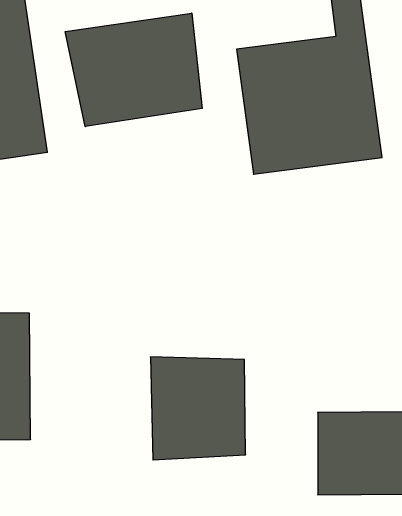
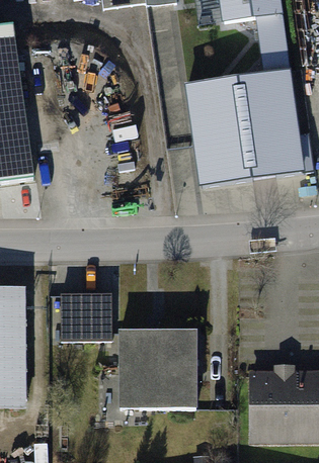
building: [65,13,202,127] -> none
building: none -> [61,289,110,338]

